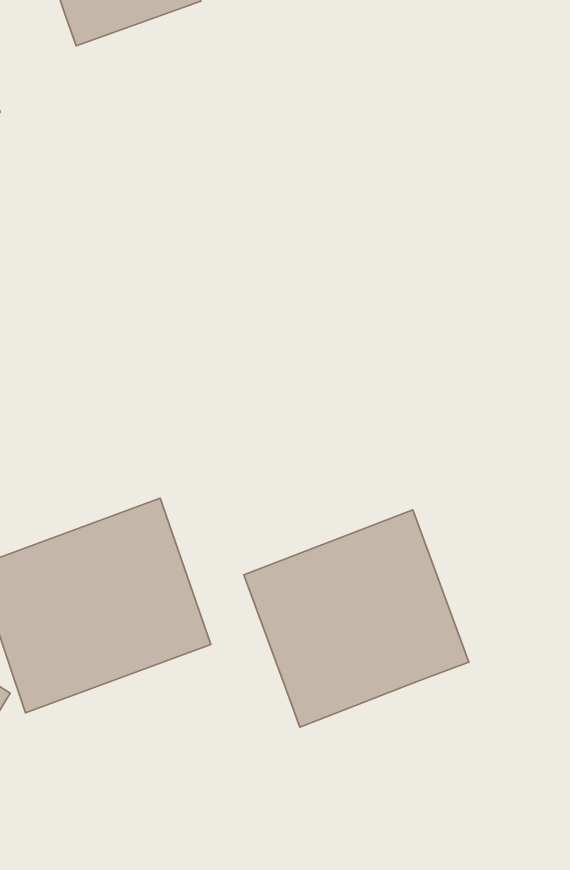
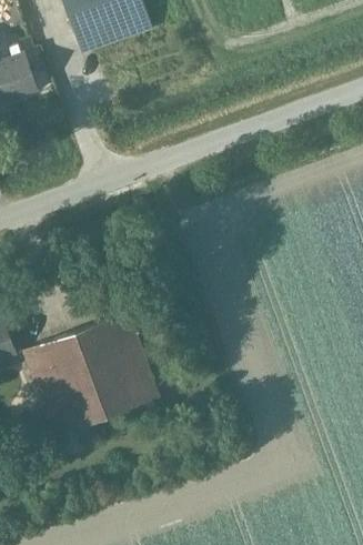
building: [244,510,469,727] -> none

